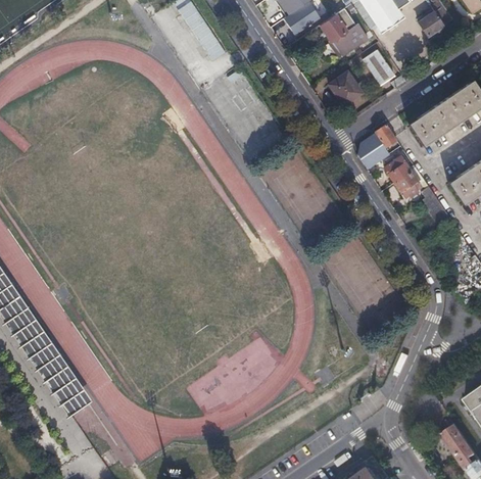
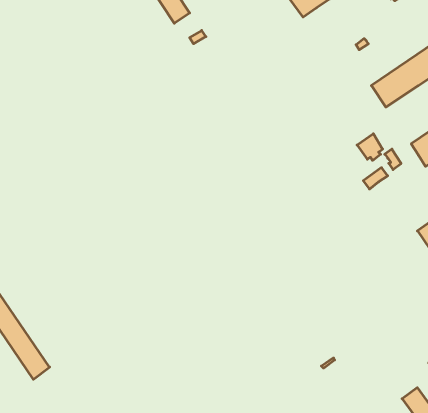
building: [363,50,395,85] -> none
building: [330,73,360,103] -> none
building: [358,125,398,170] -> none
building: [386,157,412,183] -> none

